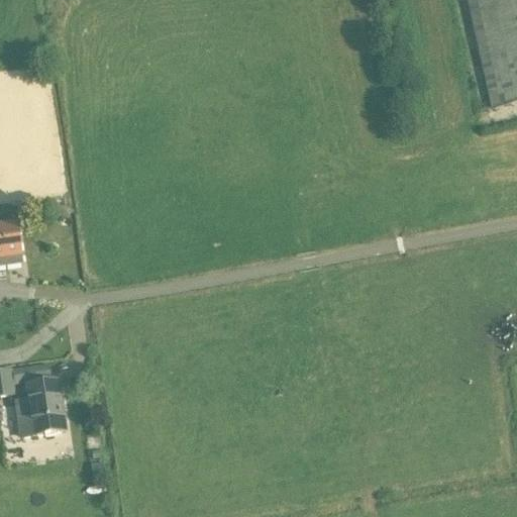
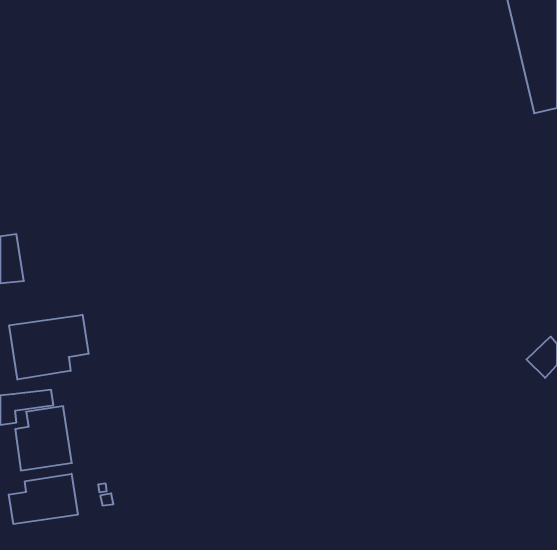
building: none -> [9,315,88,380]
building: none -> [9,474,78,524]

